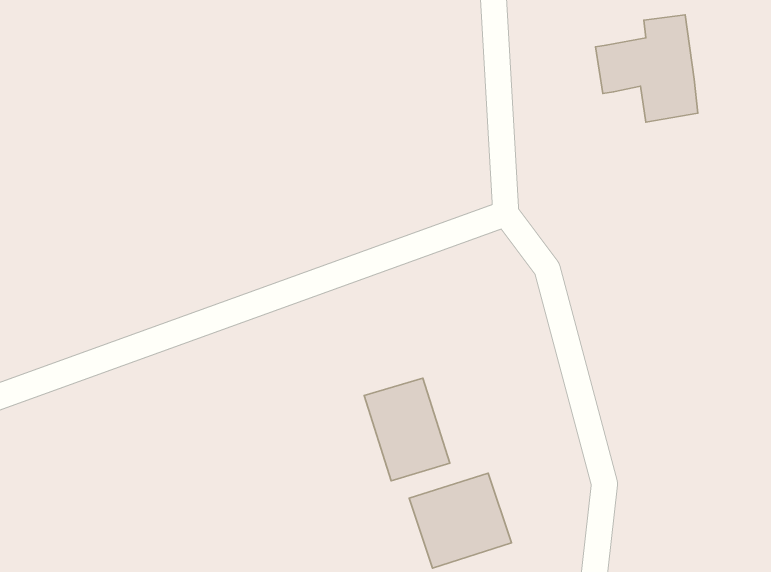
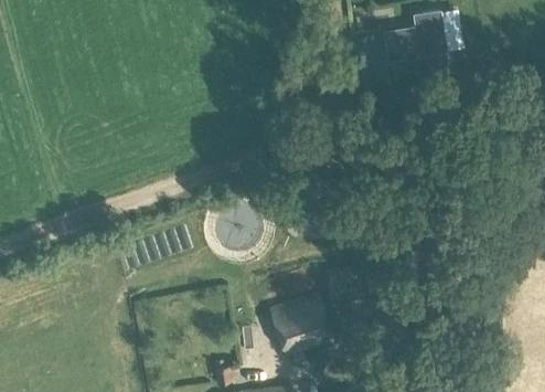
building: [364,378,450,481] -> none

